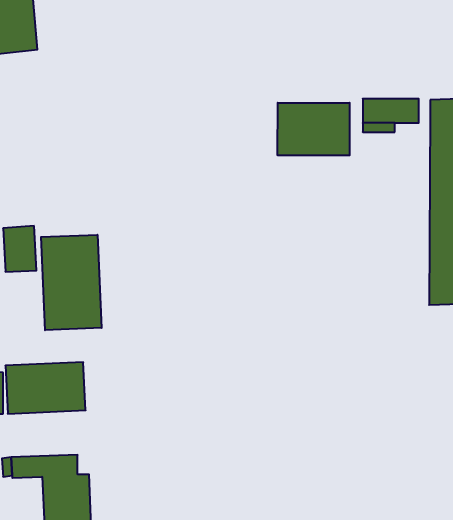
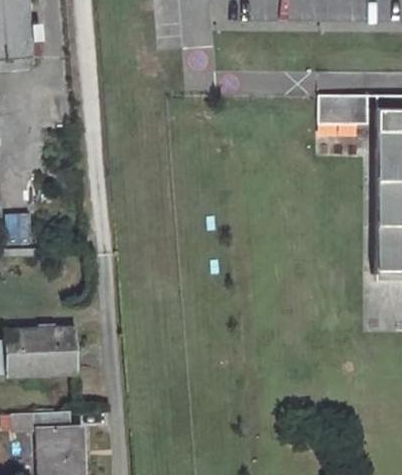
building: [278,103,350,155] -> none
building: [41,235,102,330] -> none

